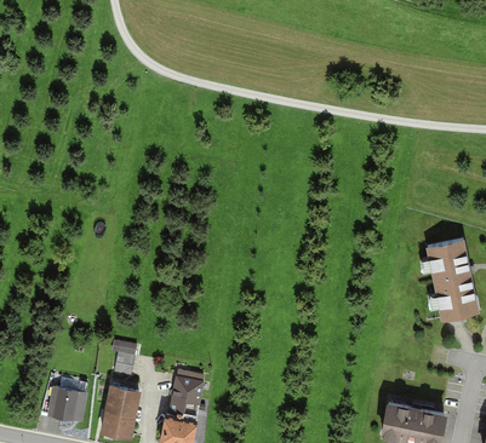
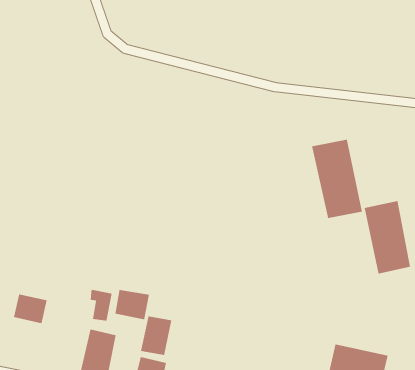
building: none -> [312,139,363,219]
building: none -> [115,289,149,320]
building: [48,386,87,420] -> [13,294,47,324]

